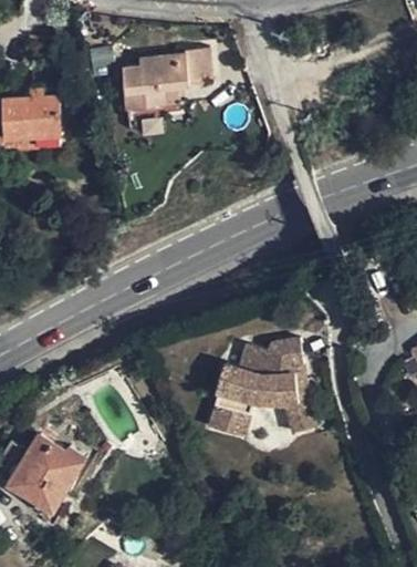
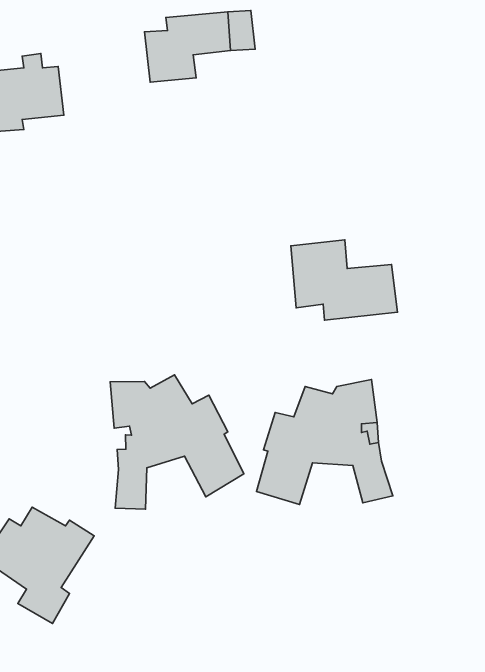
building: none -> [291,240,397,320]
building: none -> [110,375,244,509]

